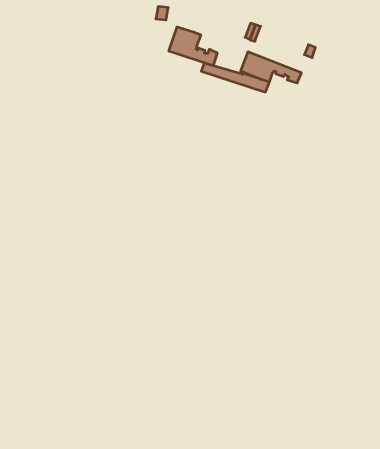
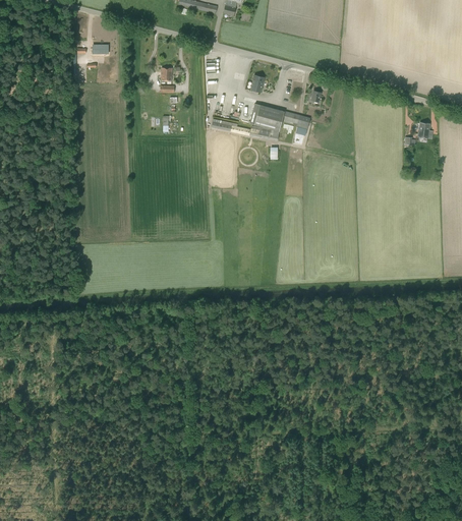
building: [169,27,217,66] -> none

